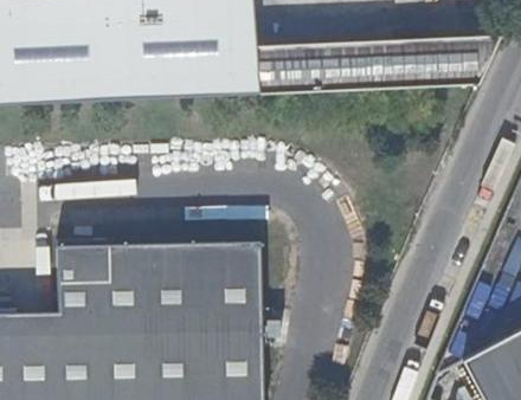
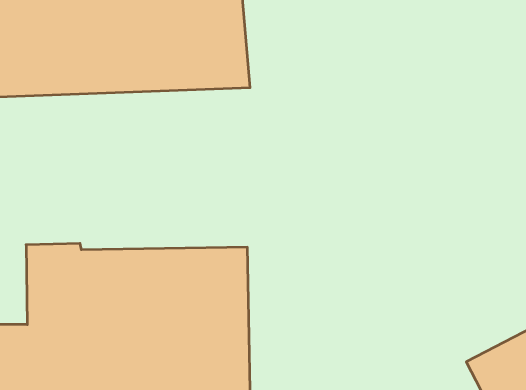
building: [256,31,496,89] -> none

